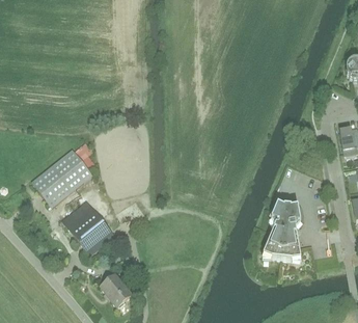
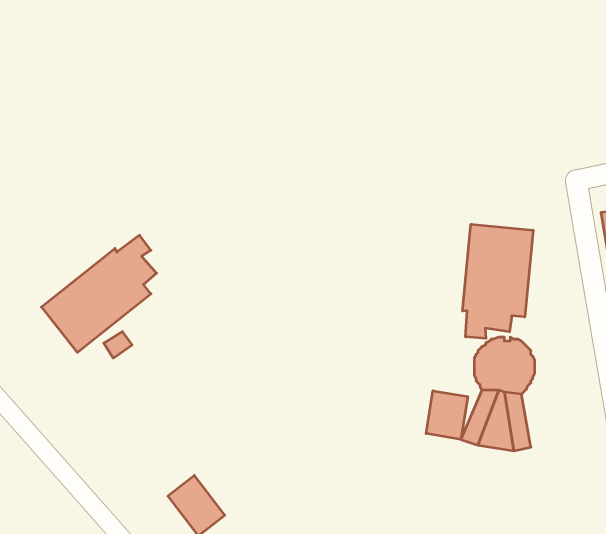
building: none -> [463,224,533,338]
building: [63,199,115,252] -> none
building: none -> [426,391,468,439]

